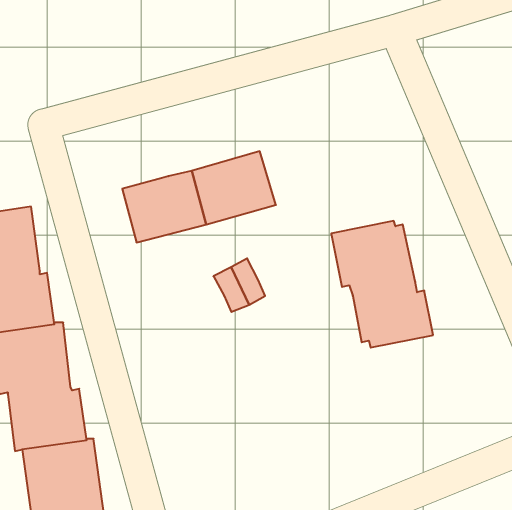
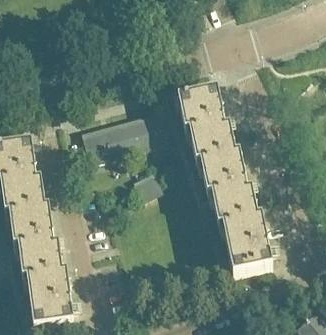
building: none -> [177,89,234,157]
building: none -> [221,214,272,275]

